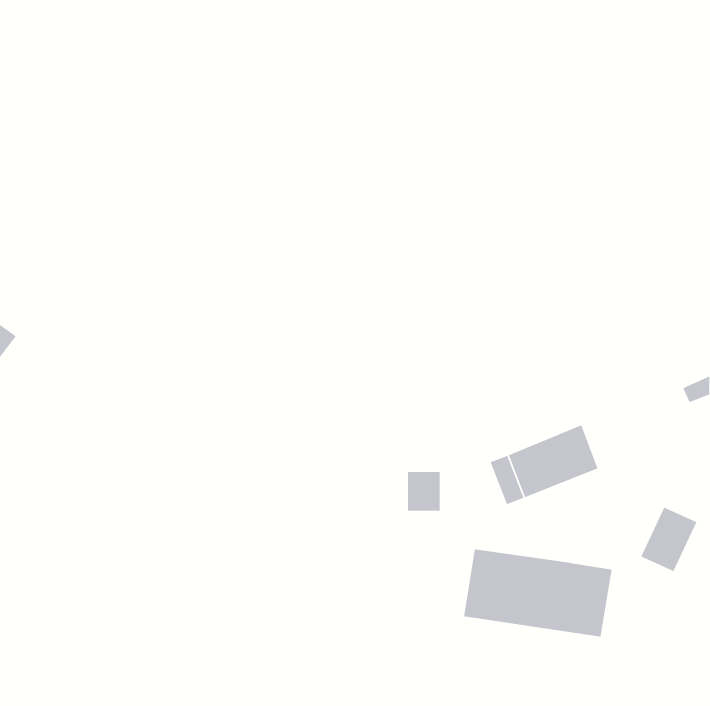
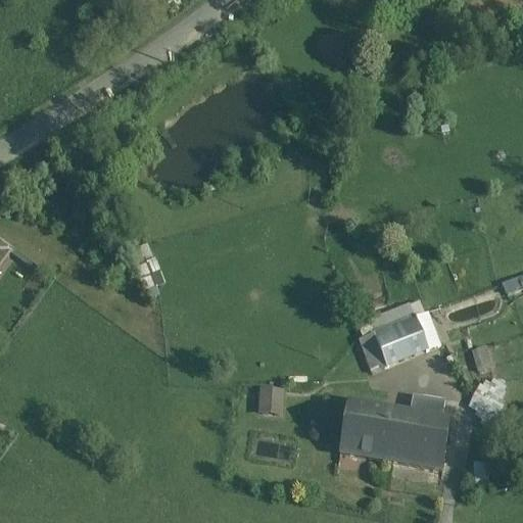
building: [407,471,441,512] -> [255,383,280,413]
building: none -> [411,389,451,417]

